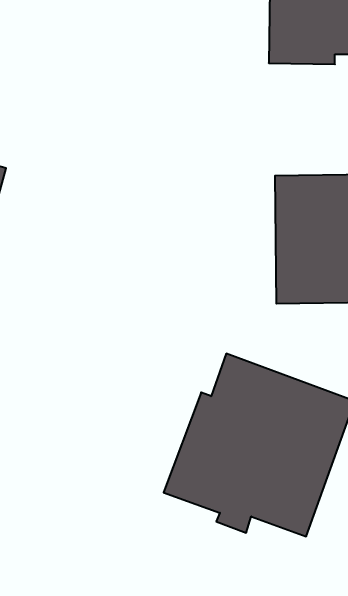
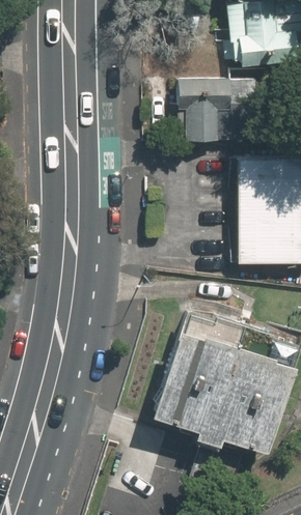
building: none -> [175,67,250,145]

